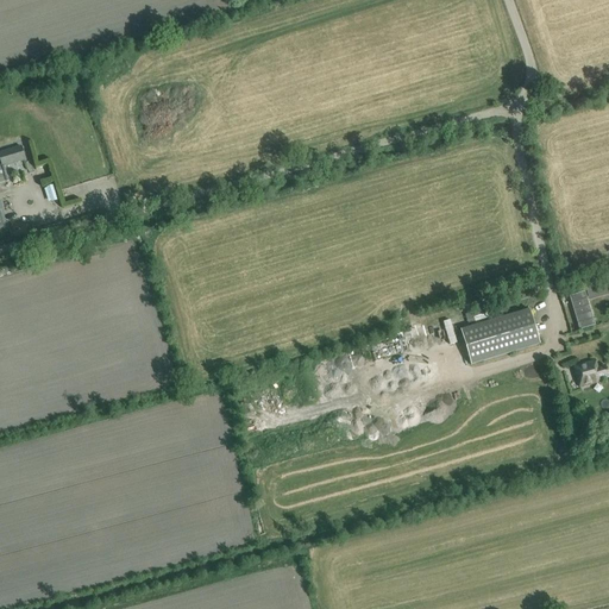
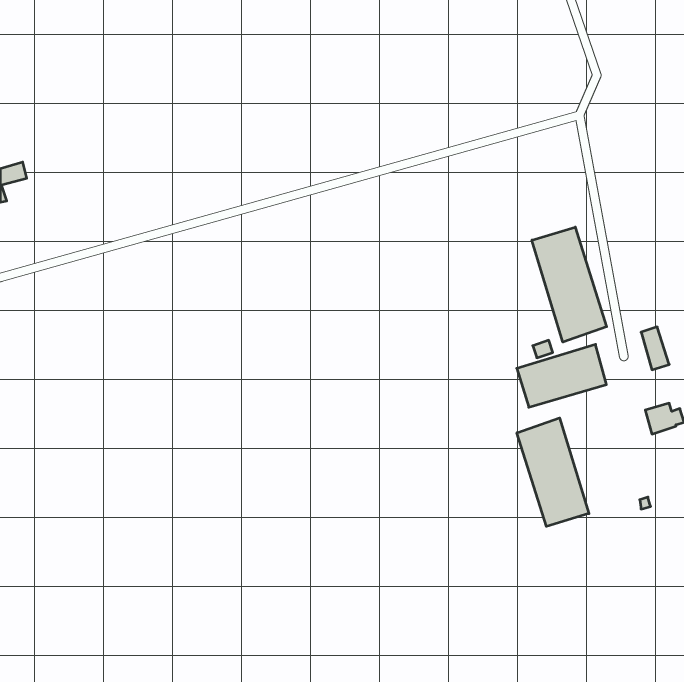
building: none -> [532,227,607,342]
building: none -> [517,418,589,526]

